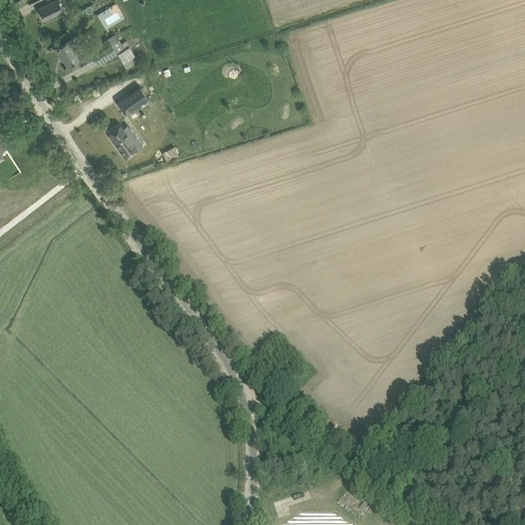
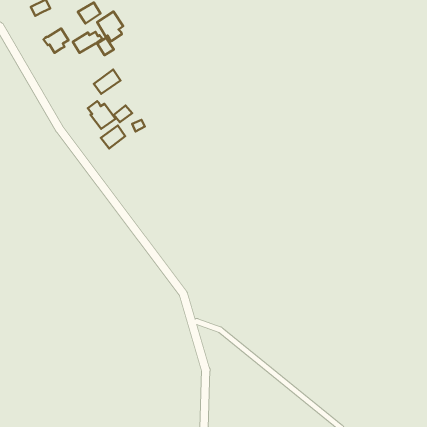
building: none -> [97,12,123,41]
building: none -> [101,126,125,149]

